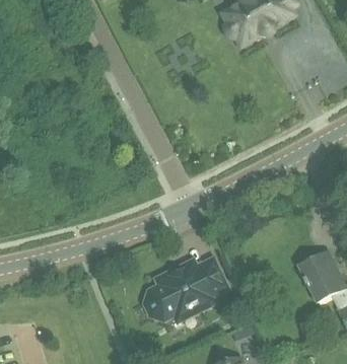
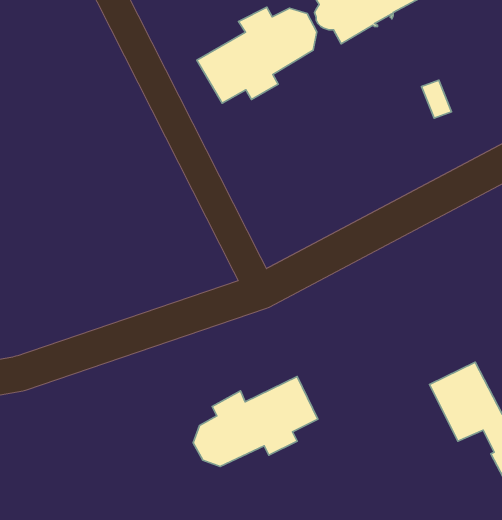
building: none -> [197,7,317,103]

